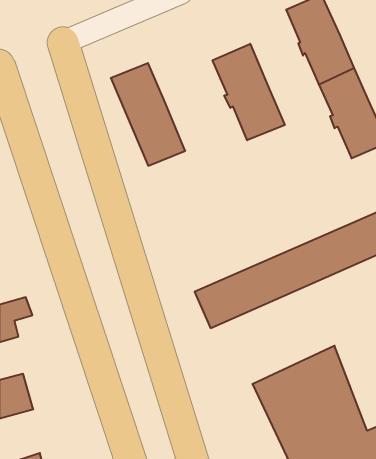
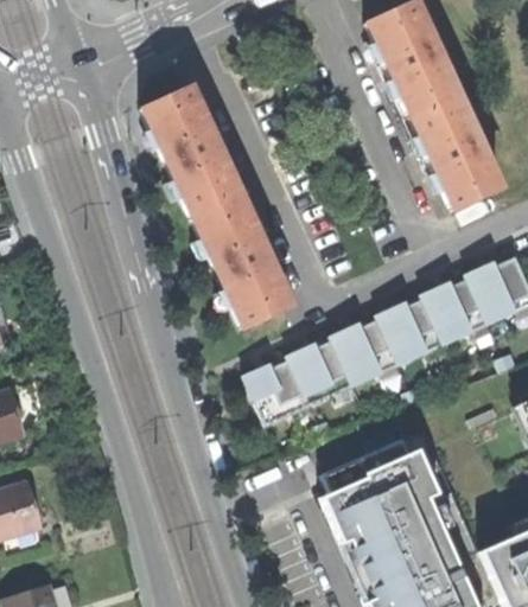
building: [213,44,285,140] -> none
building: none -> [191,197,286,326]

